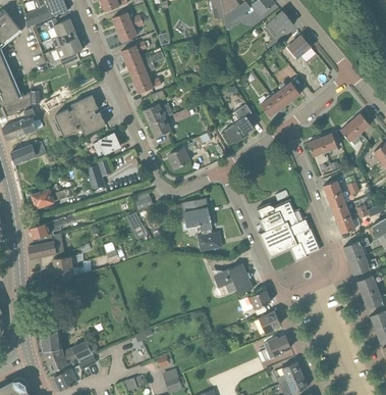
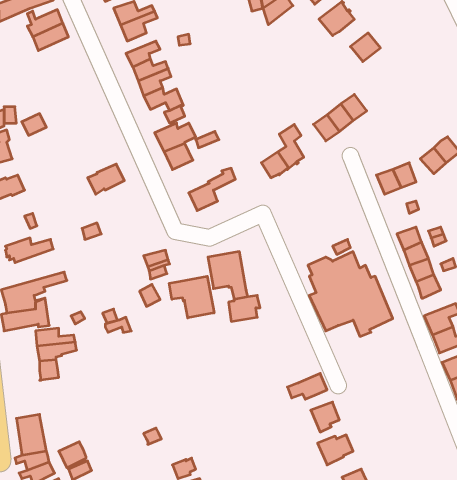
building: [56,39,82,65] -> none
building: [55,95,106,137] -> none
building: none -> [169,276,214,318]
building: [214,263,253,295] -> none

